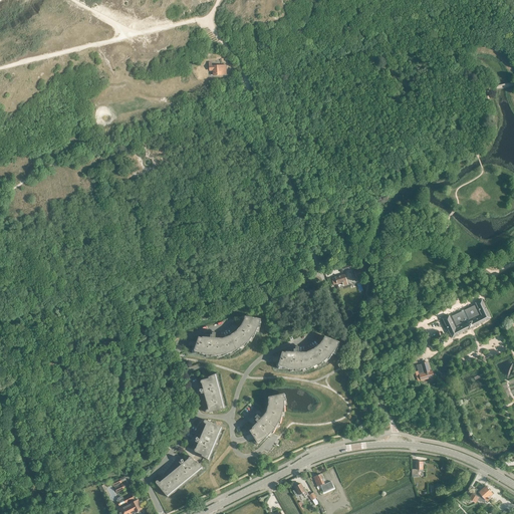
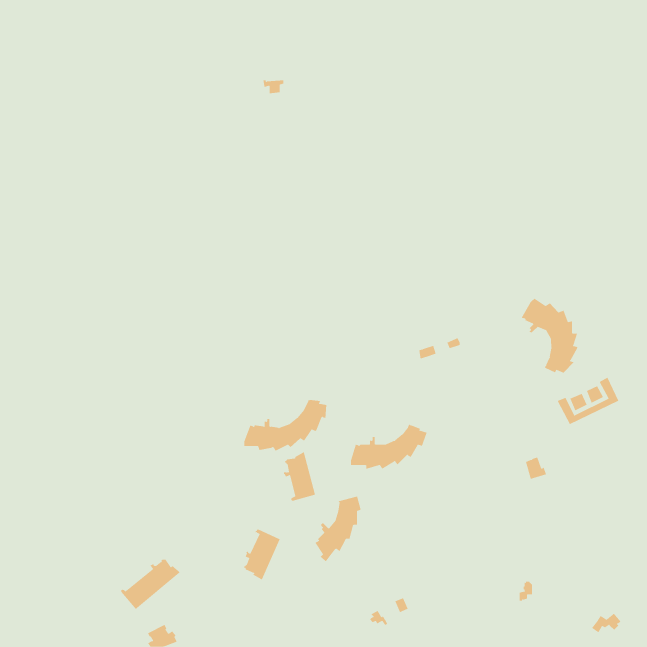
building: none -> [521,298,578,373]
building: [198,371,224,412] -> [283,450,316,501]
building: [155,456,203,496] -> [120,559,181,610]

